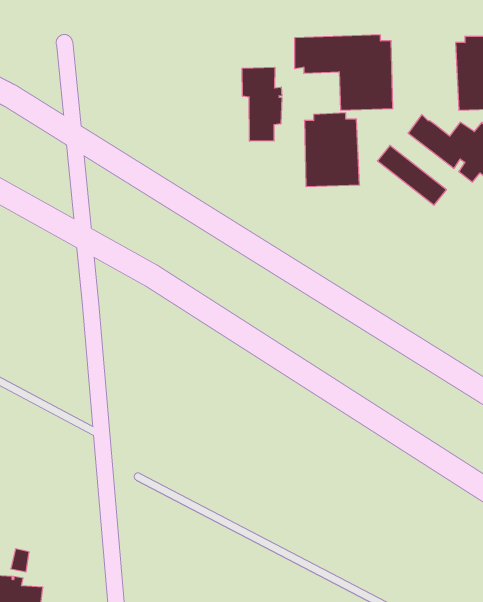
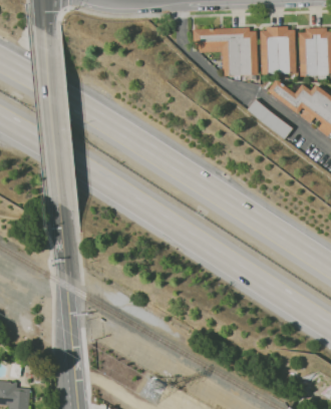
building: [242,67,282,141] -> none
building: [304,113,360,187] -> [262,27,298,75]

